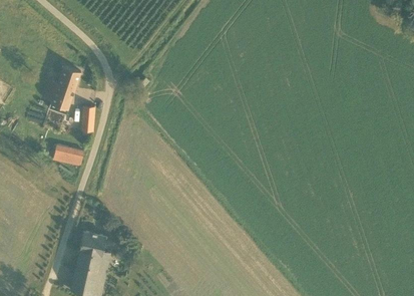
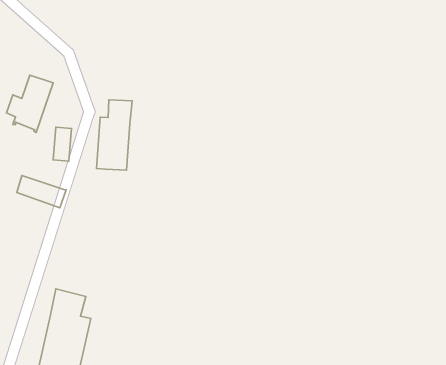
building: none -> [96,100,132,170]

